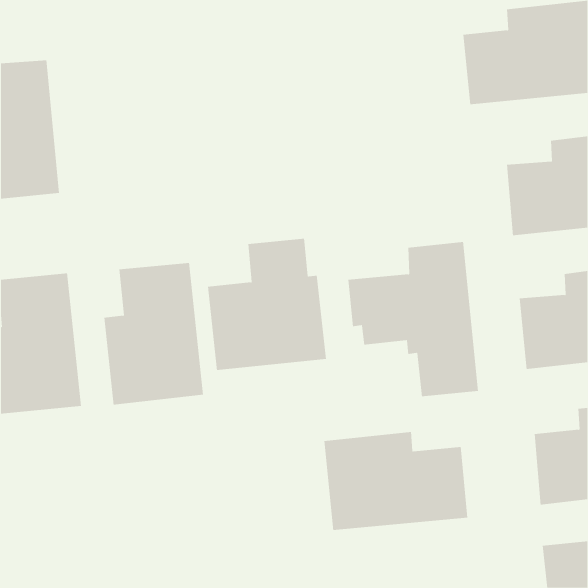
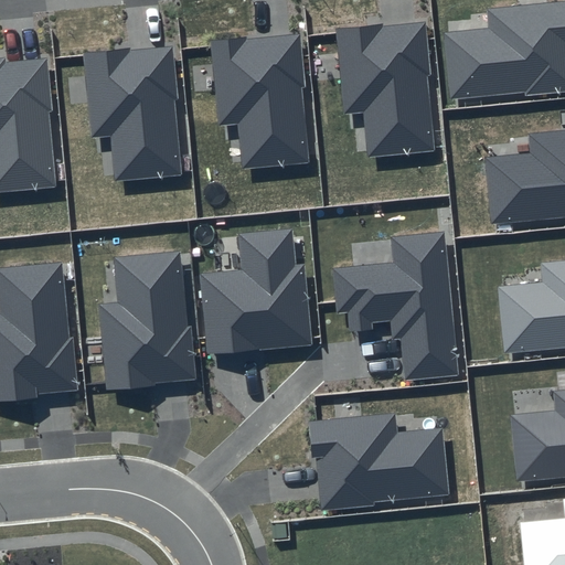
building: none -> [337,21,436,157]
building: none -> [210,34,310,170]
building: none -> [83,46,183,181]

